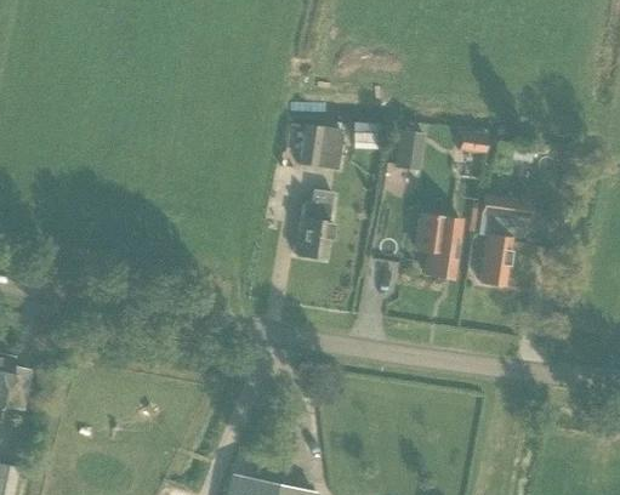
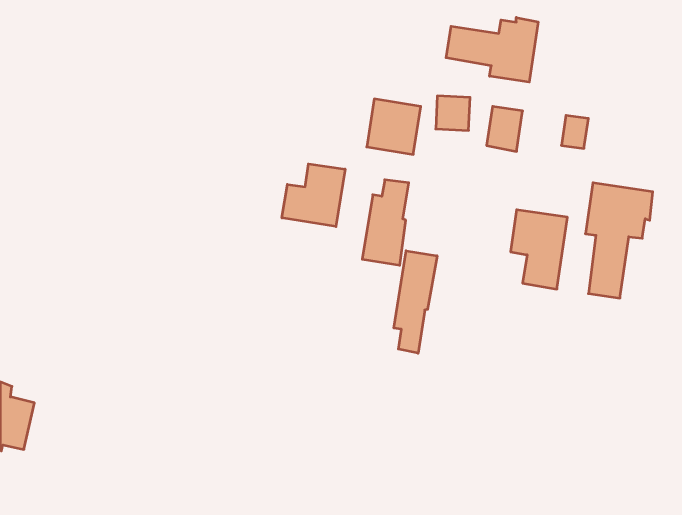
building: none -> [446,17,538,82]
building: none -> [282,164,345,227]
building: none -> [394,251,437,353]

